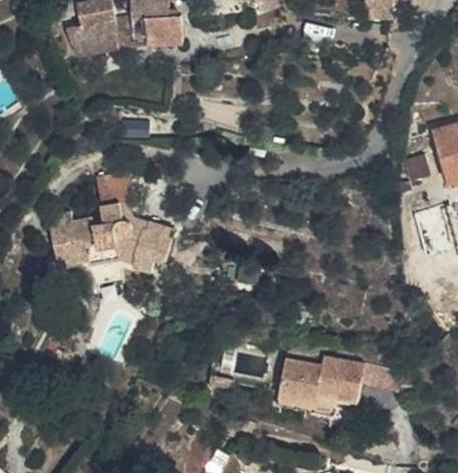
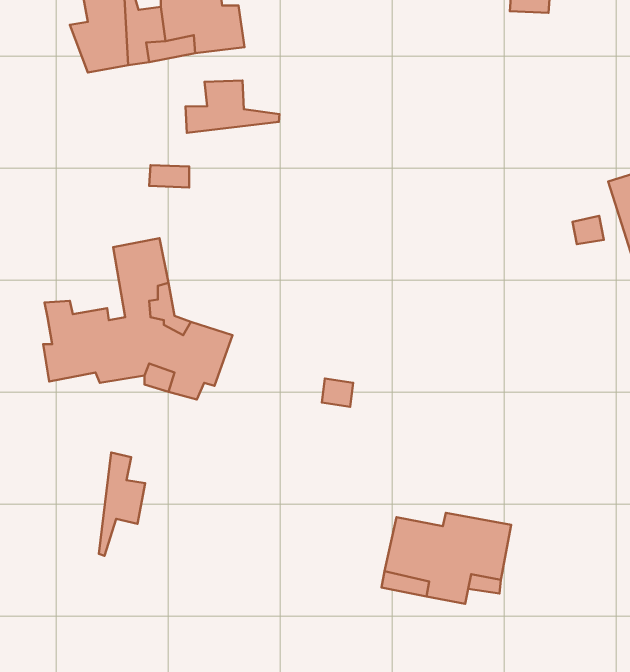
building: none -> [186,81,279,133]
building: none -> [99,453,145,556]

